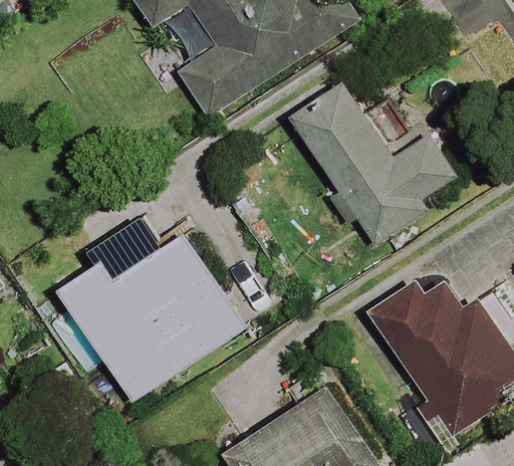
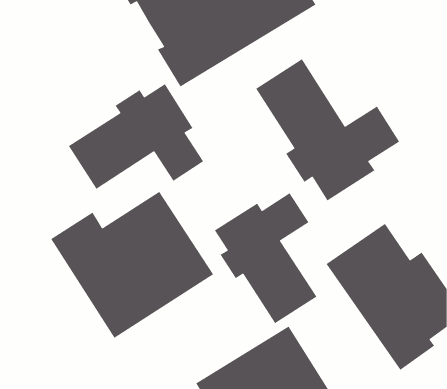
building: none -> [68,83,204,190]
building: none -> [214,192,317,324]

